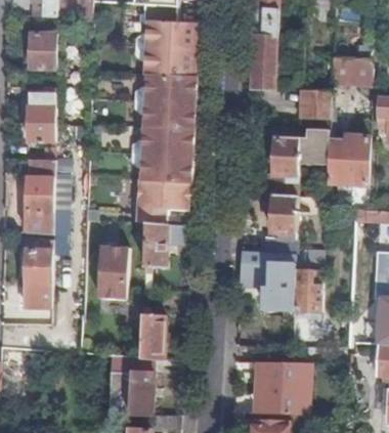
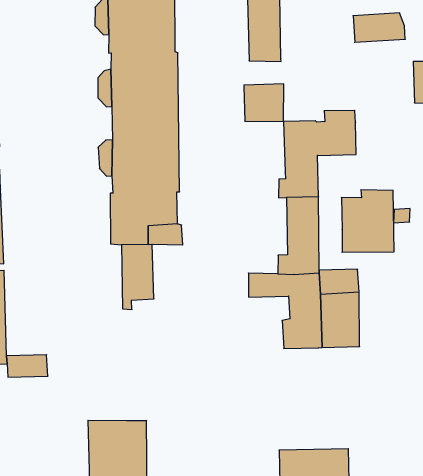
building: [301,89,333,119] -> [244,84,284,121]
building: [328,134,370,183] -> [341,190,394,252]
building: [97,246,128,298] -> none
building: [140,307,166,359] -> none
building: [256,362,311,389] -> none

